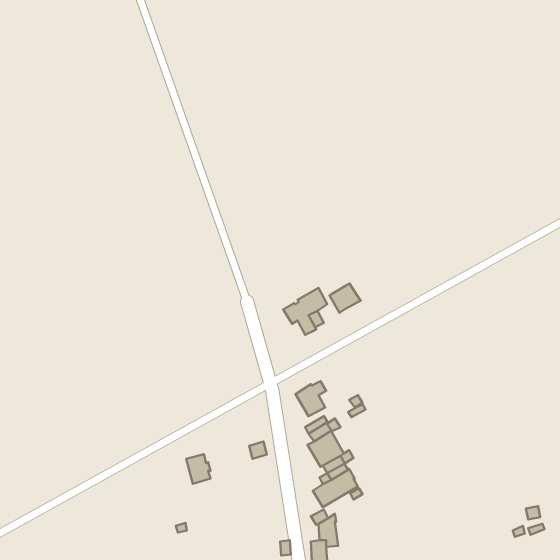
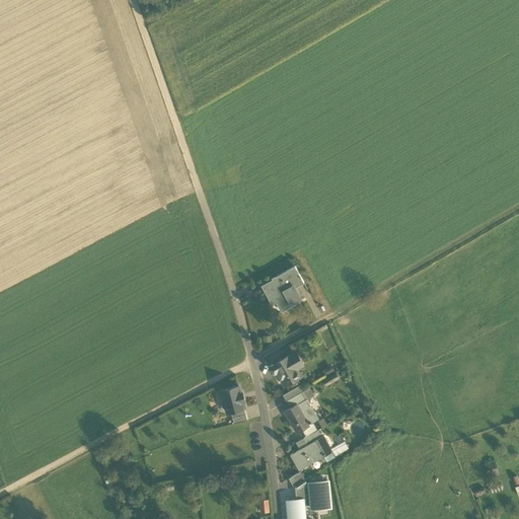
building: [330,283,361,313] -> none
building: [186,454,210,484] -> [221,386,243,414]
building: none -> [309,481,328,507]

